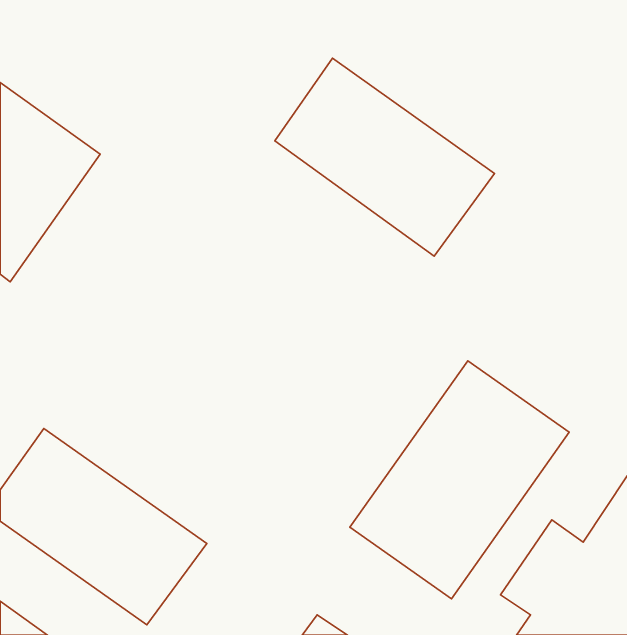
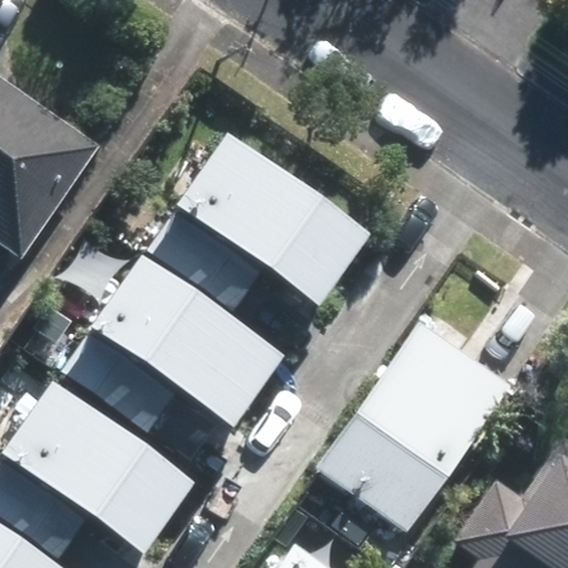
building: [275,58,494,256] -> [174,132,368,307]
building: none -> [89,255,283,426]

